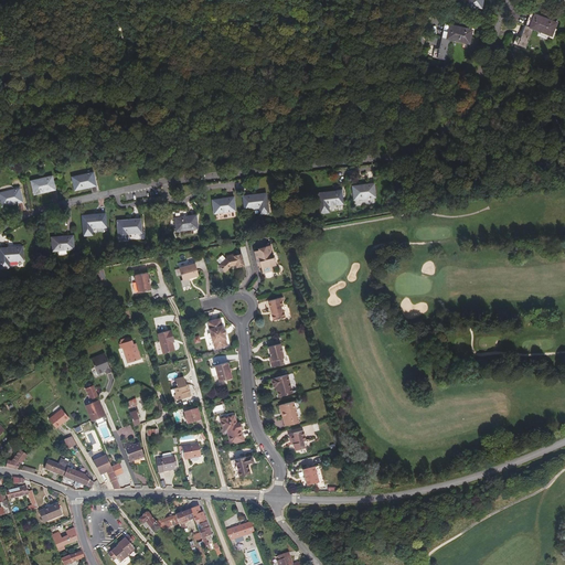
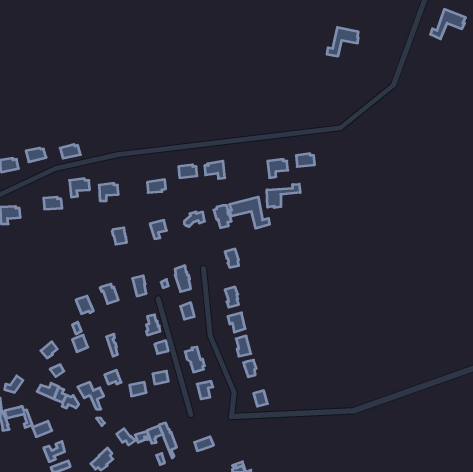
building: [433,23,470,57] -> [327,27,358,56]
building: none -> [267,184,300,208]
building: none -> [229,197,270,228]

